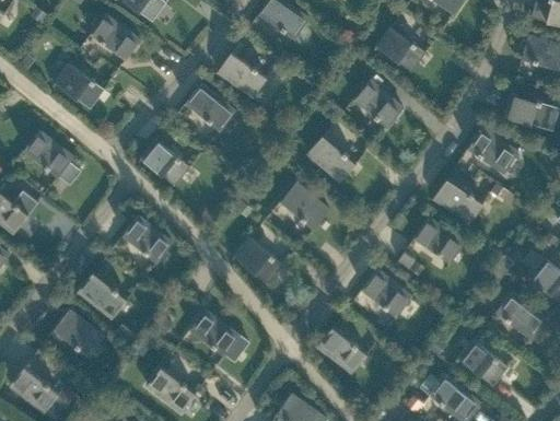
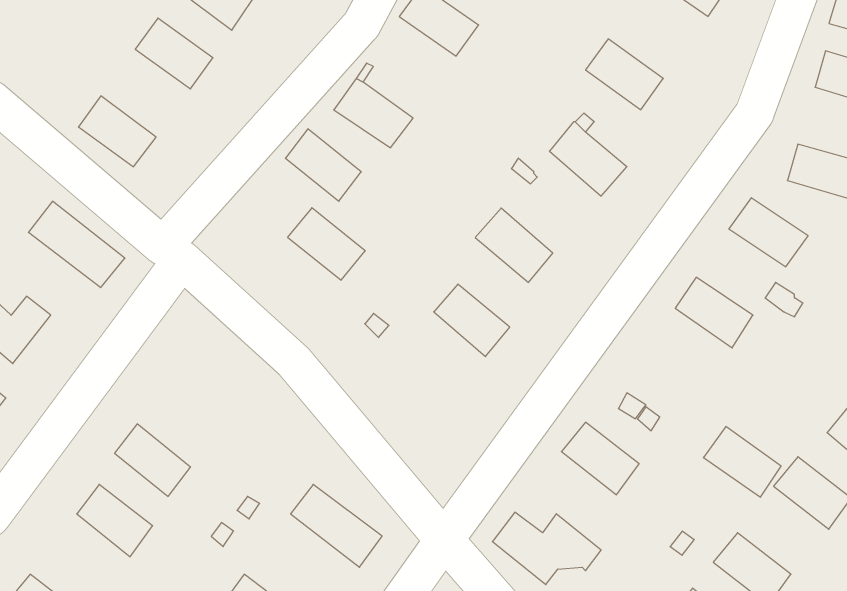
building: [141,141,190,187] -> [288,208,365,280]
building: [124,217,172,262] -> none
building: [415,219,464,264] -> [703,426,781,497]
building: [235,238,283,284] -> none

